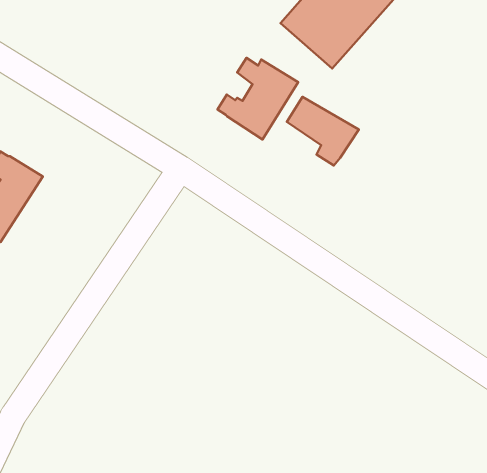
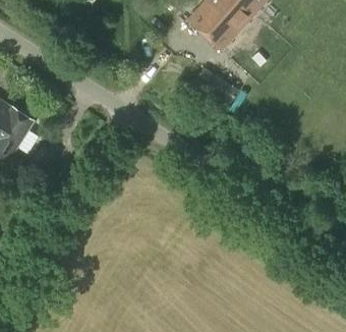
building: [217,58,298,139] -> none

